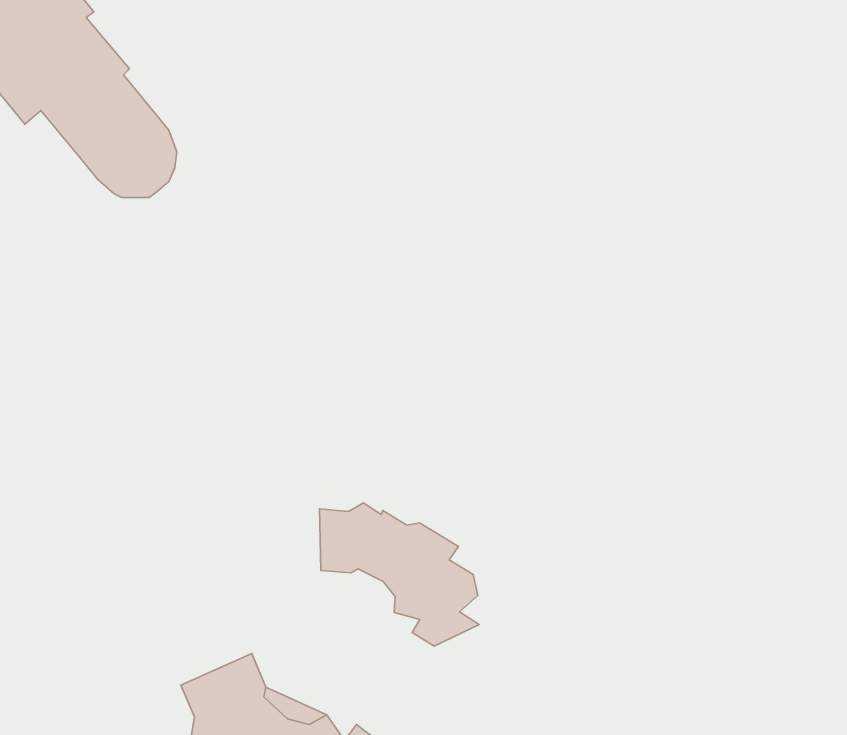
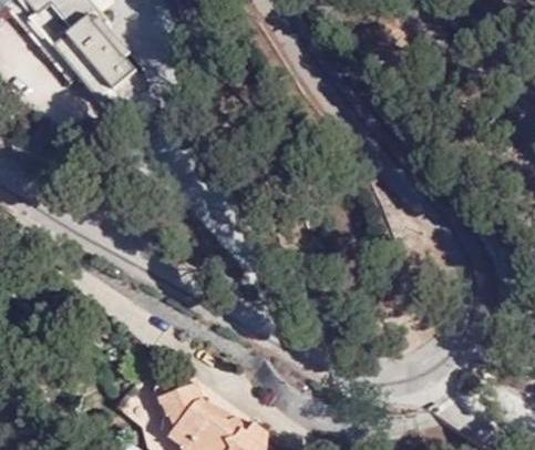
building: [320,503,479,646] -> none

